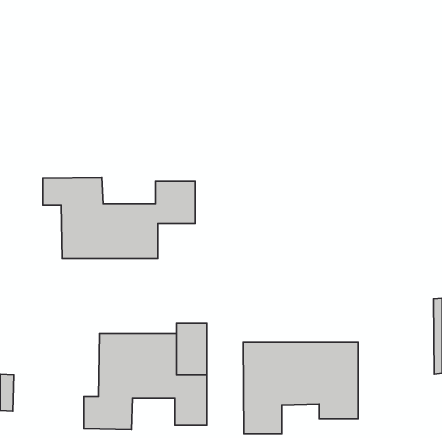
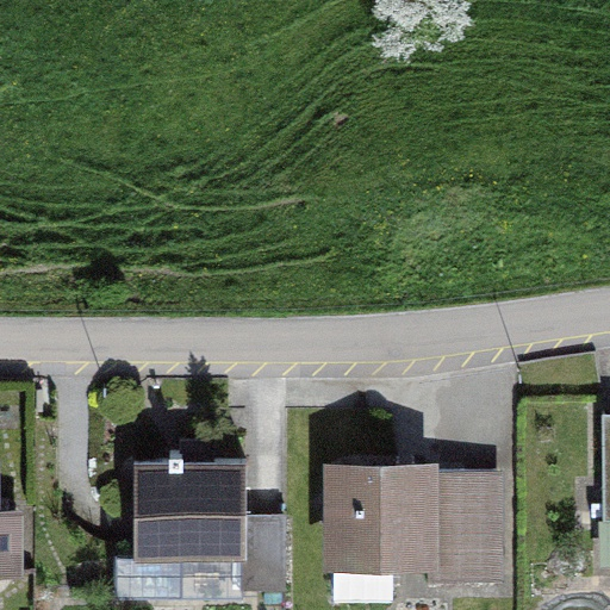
building: [43,178,195,259] -> none

